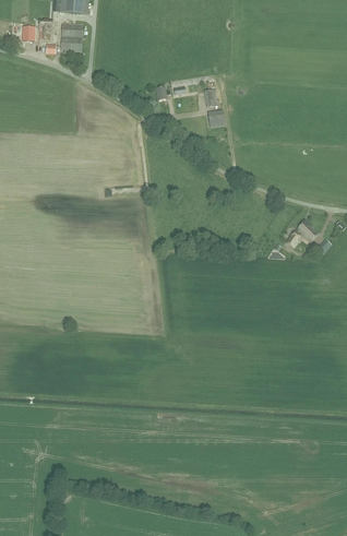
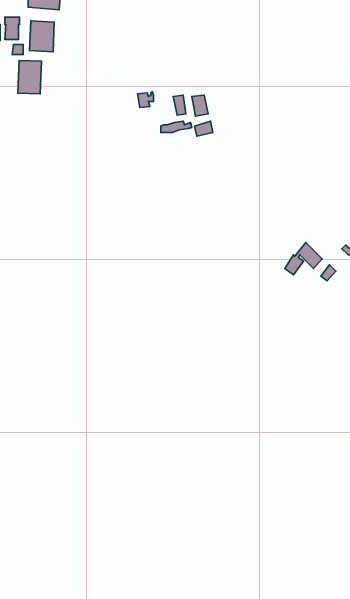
building: none -> [18,61,41,94]

